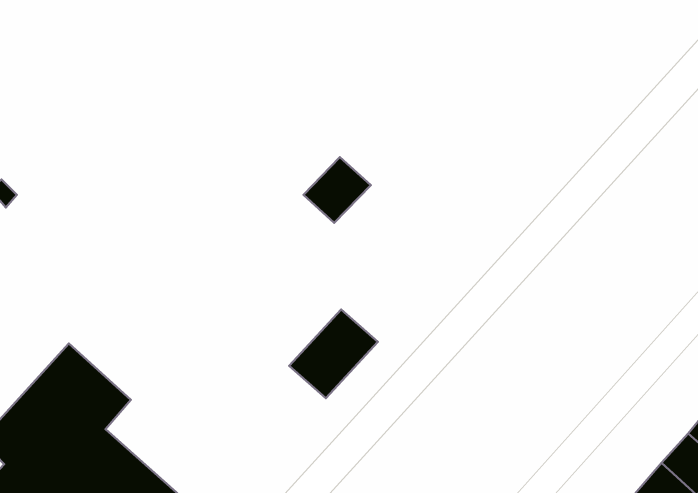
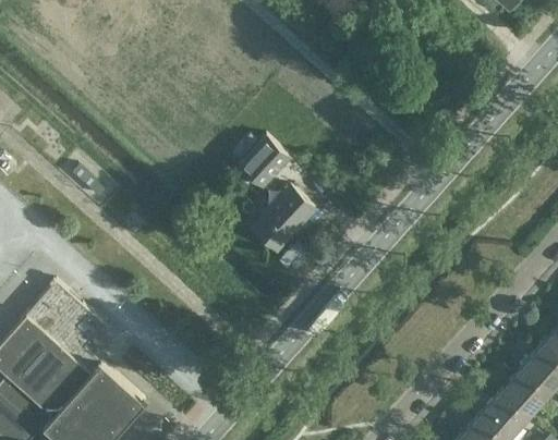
building: [289,310,378,398] -> [248,185,317,254]

